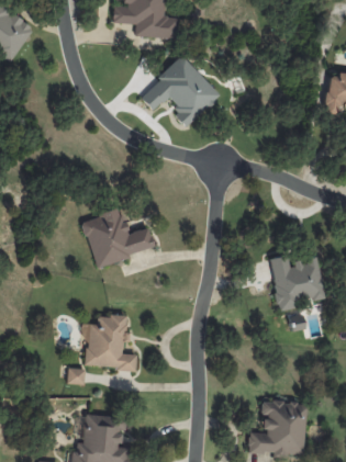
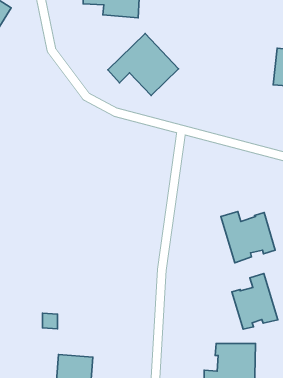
building: [82,209,154,266] -> none
building: [83,315,136,369] -> none
building: none -> [232,273,278,329]

